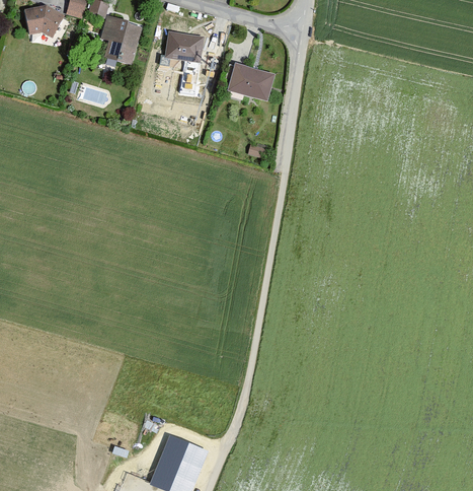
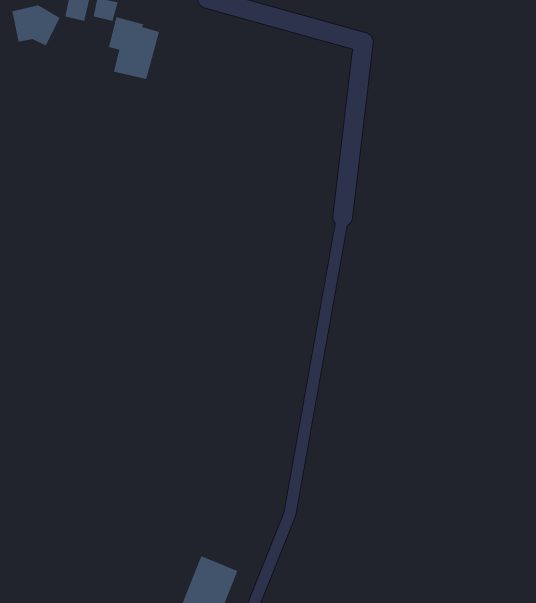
building: [164,29,204,62] -> none
building: [227,61,274,99] -> none

